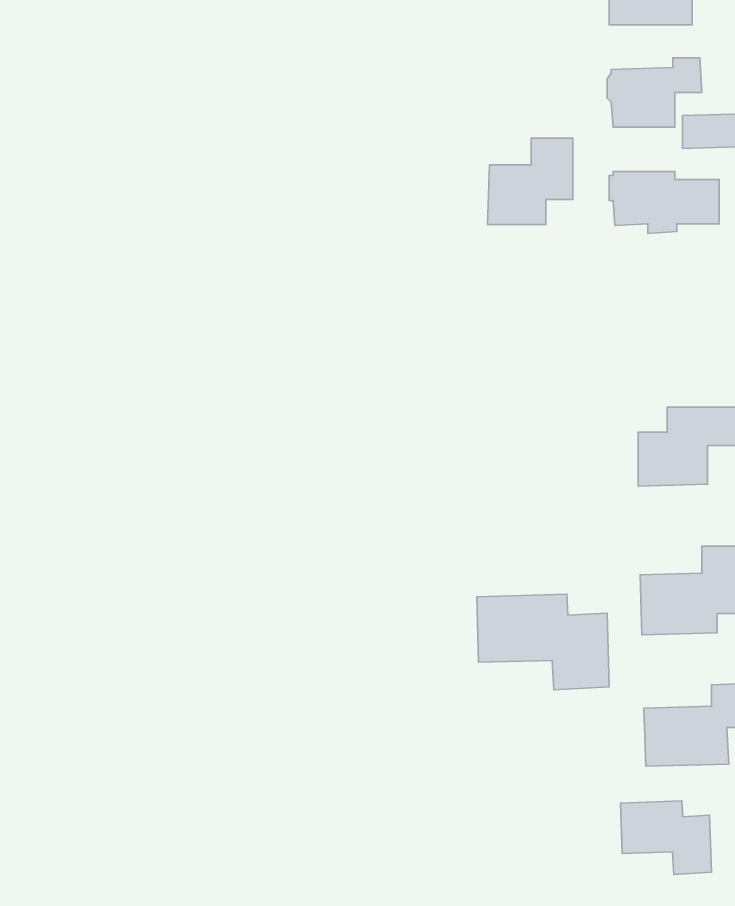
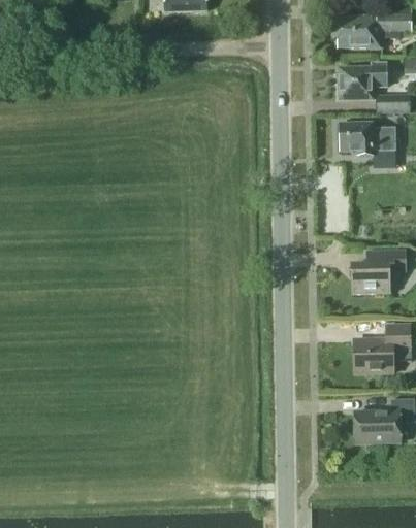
building: [487,138,573,224] -> none
building: [477,594,609,690] -> none
building: [621,801,711,875] -> none

